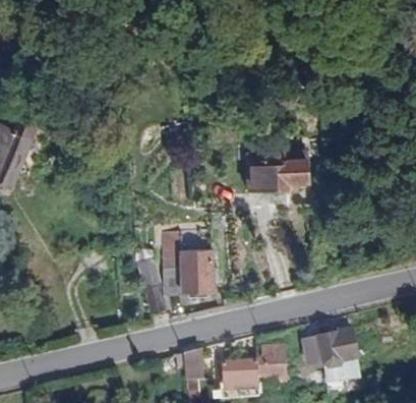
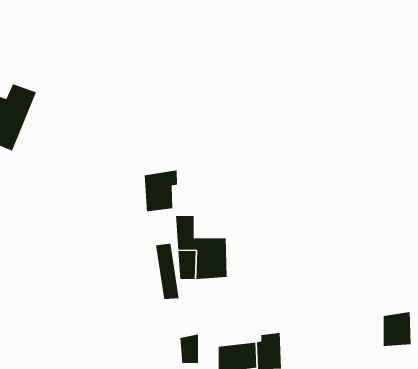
building: [248,145,305,187] -> none
building: none -> [144,170,178,212]
building: [315,332,343,365] -> [383,311,412,347]

